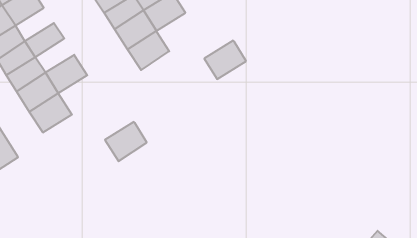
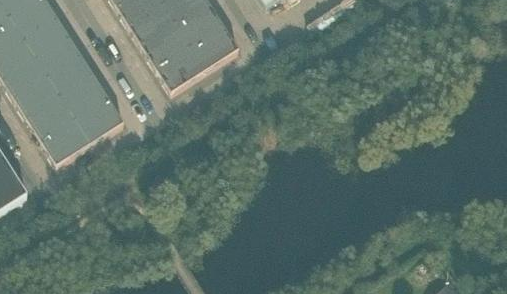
building: none -> [24,17,69,56]
building: none -> [47,53,93,93]
building: [204,41,246,79] -> [189,23,238,68]
building: [105,122,147,161] -> [74,96,123,142]

